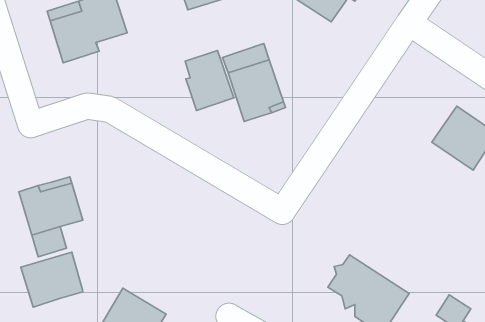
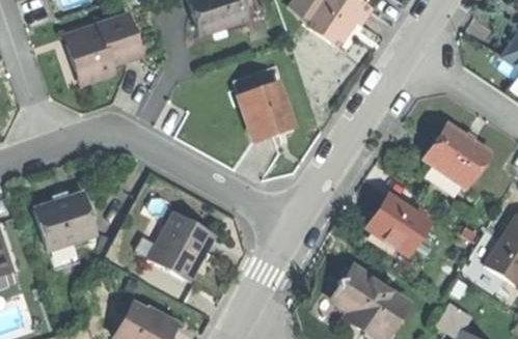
building: [185,50,234,110] -> none
building: none -> [373,194,435,254]
building: none -> [147,210,216,279]
building: [21,252,83,307] -> none

